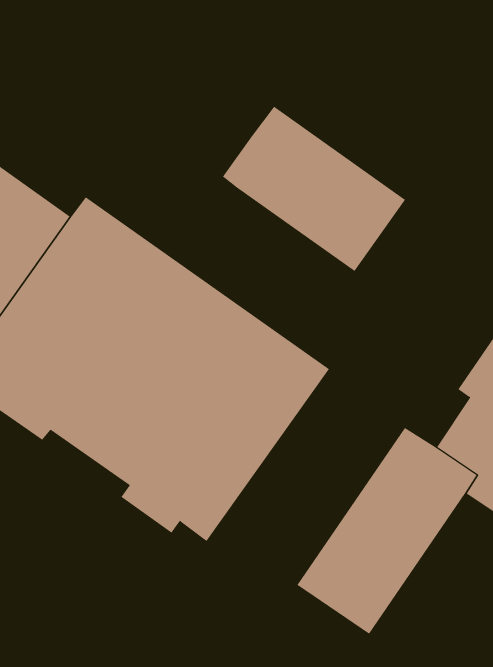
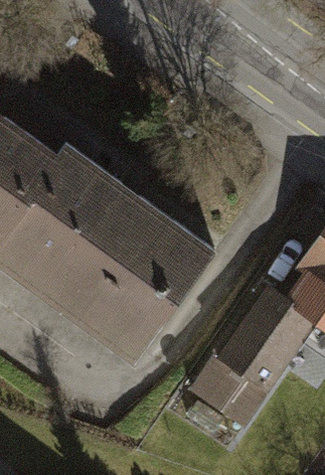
building: [222,106,406,272] -> none

